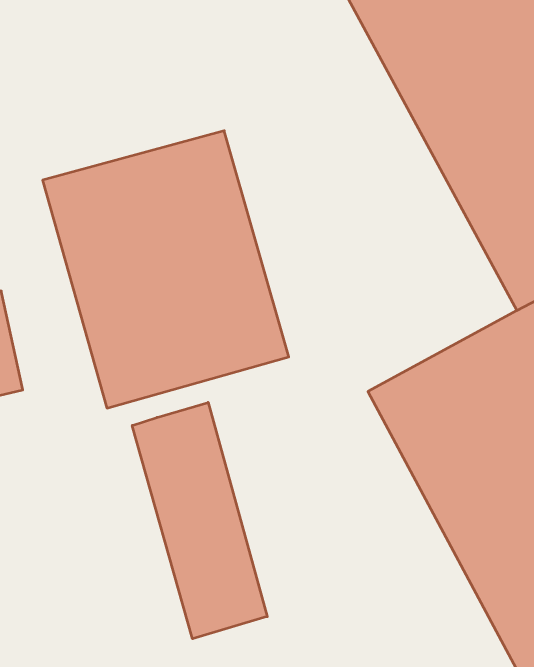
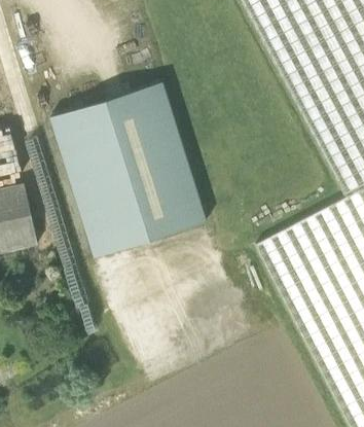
building: [132,402,267,639] -> none

